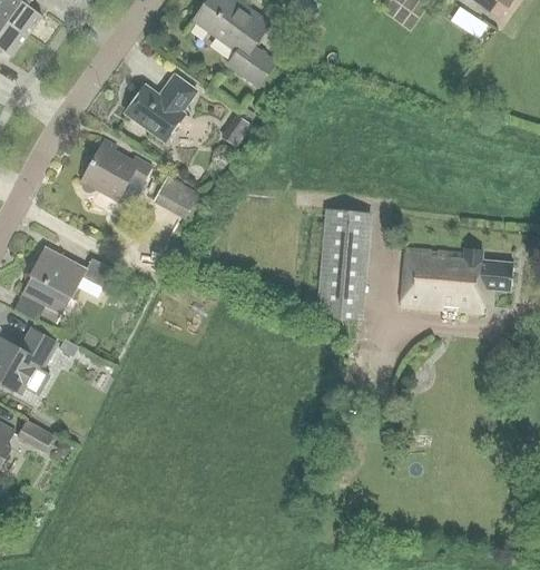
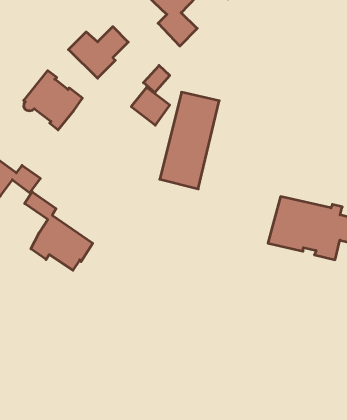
building: [151,175,197,218] -> [131,87,170,125]
building: [314,207,371,320] -> [160,92,219,189]
building: none -> [25,192,93,270]

